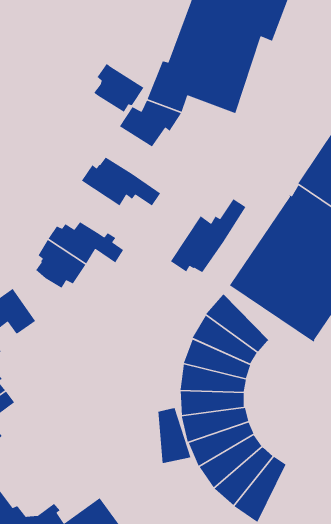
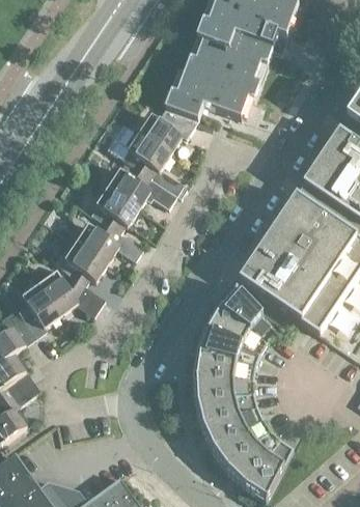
building: [93,63,144,113] -> [121,129,169,175]
building: none -> [91,182,139,230]
building: [170,198,246,273] -> none
building: none -> [36,264,105,314]
building: [158,407,191,464] -> none

